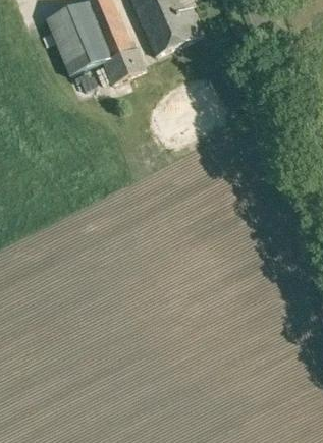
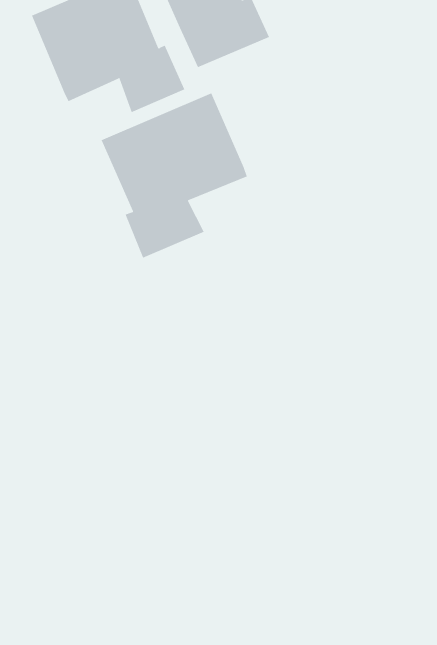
building: none -> [101,92,248,259]

